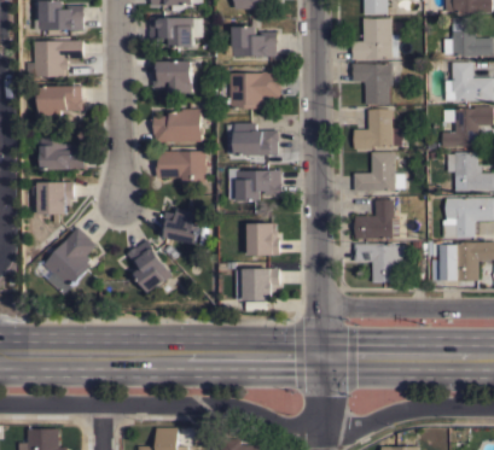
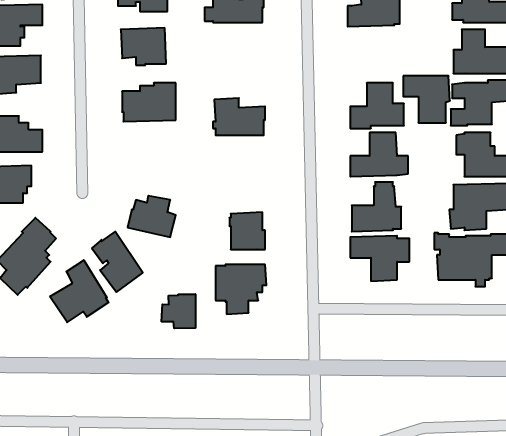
building: [351,63,393,104] -> [403,76,450,123]
building: [229,71,281,107] -> none
building: [157,151,205,183] -> none
building: [228,168,281,200] -> none
building: none -> [50,260,109,322]
building: none -> [162,294,195,328]

